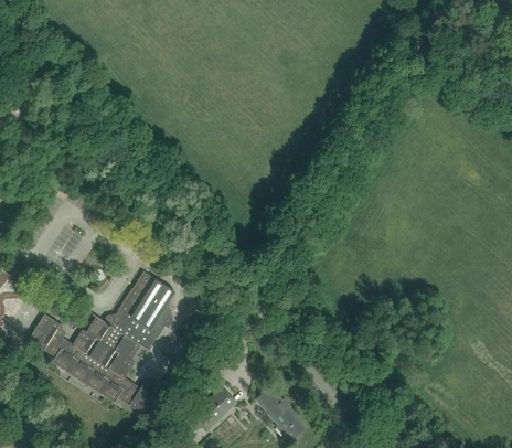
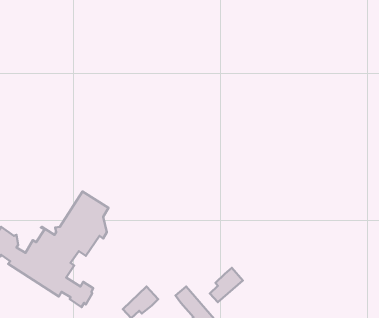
building: none -> [210,268,243,302]

